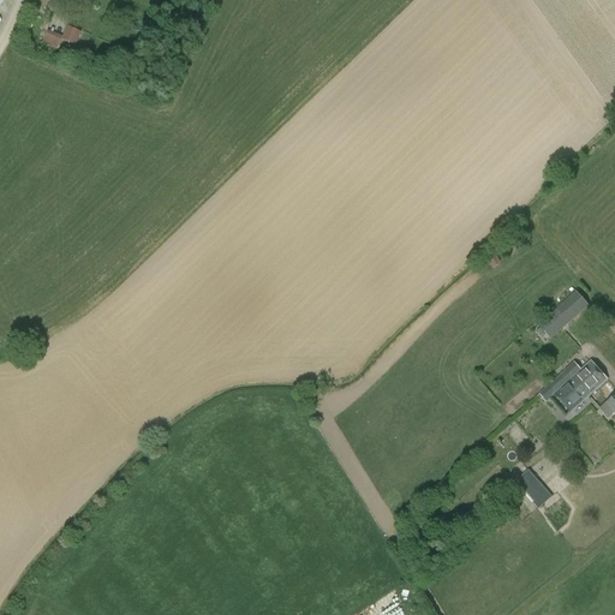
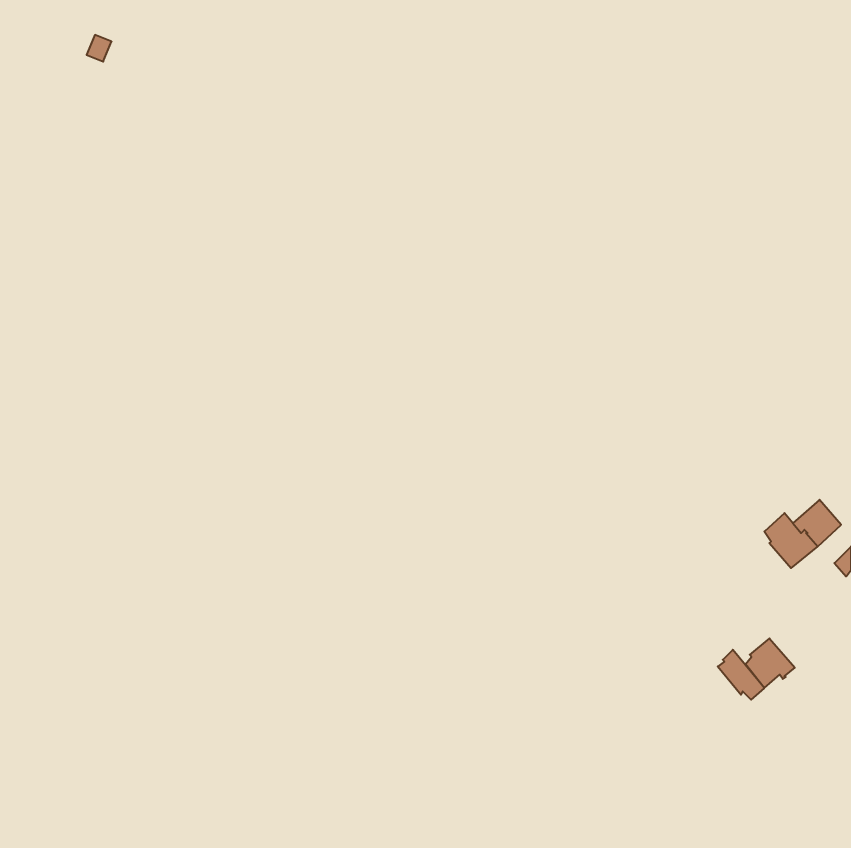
building: [539,289,584,336] -> none
building: none -> [745,638,795,688]

